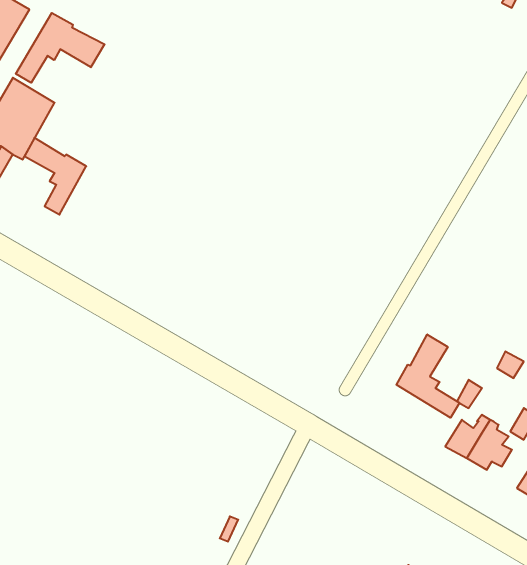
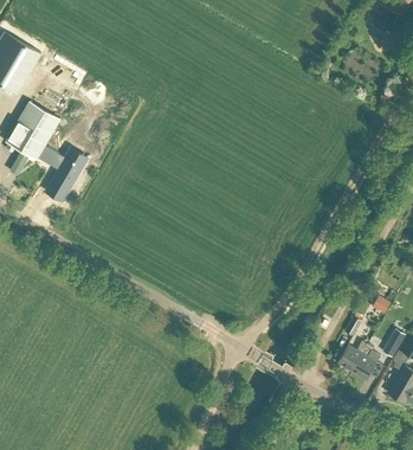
building: [16,13,105,83] -> none
building: [396,334,459,418] -> none

